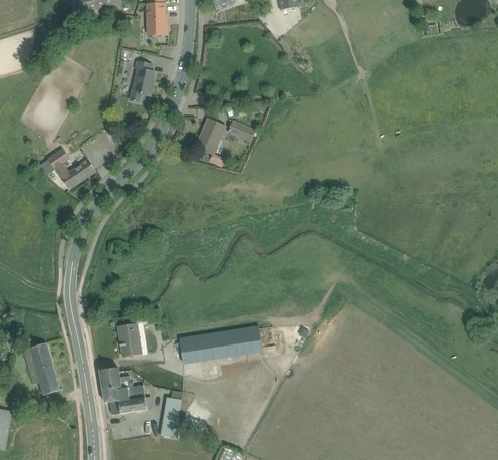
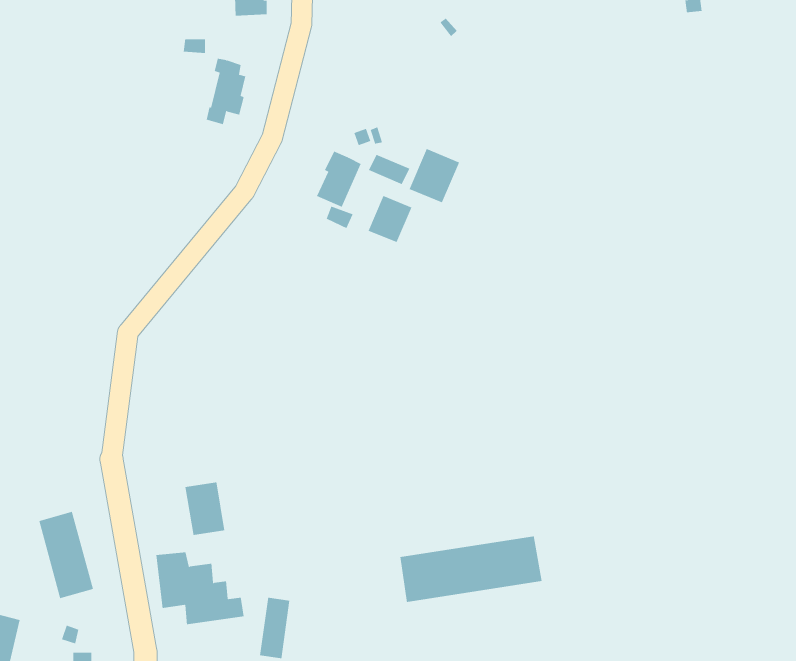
building: none -> [409,148,460,203]
building: none -> [368,195,412,243]
building: [48,149,95,190] -> none
building: [174,324,262,366] -> [400,536,543,602]

